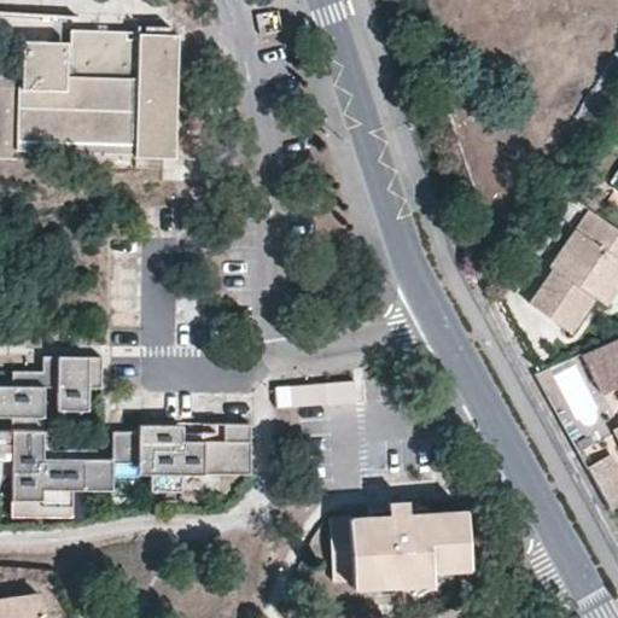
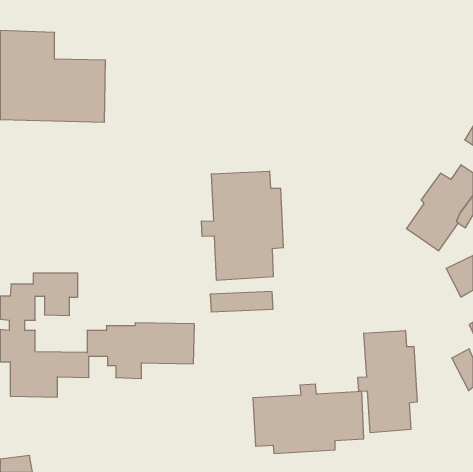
building: [71,30,180,159] -> none
building: none -> [201,171,283,280]
building: none -> [358,330,417,433]

